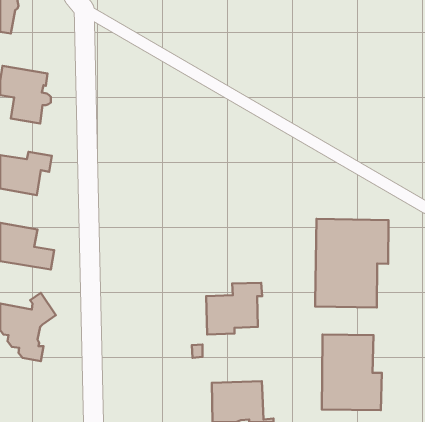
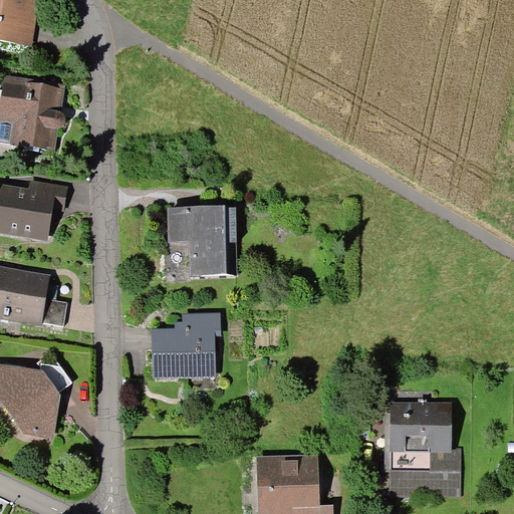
building: none -> [168,208,234,273]
building: [315,219,389,307] -> none
building: [206,283,262,334] -> [152,313,219,375]

